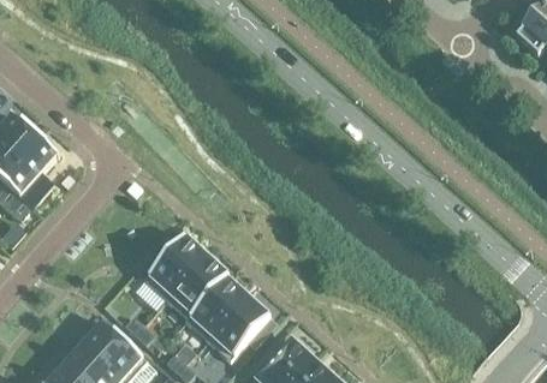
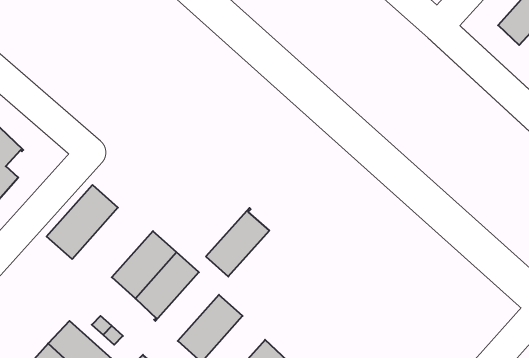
building: none -> [47,185,118,259]
building: [185,271,246,337] -> [206,208,269,277]

